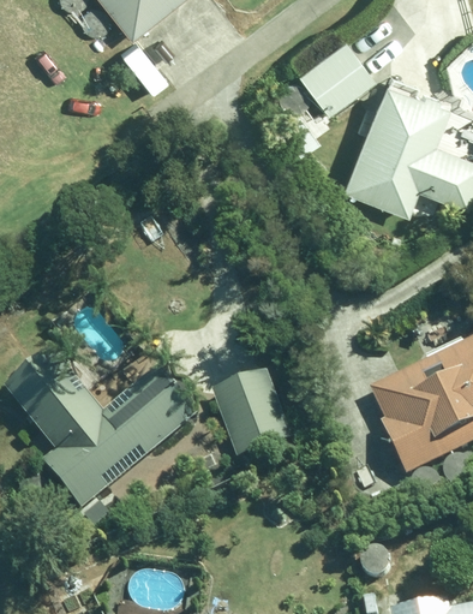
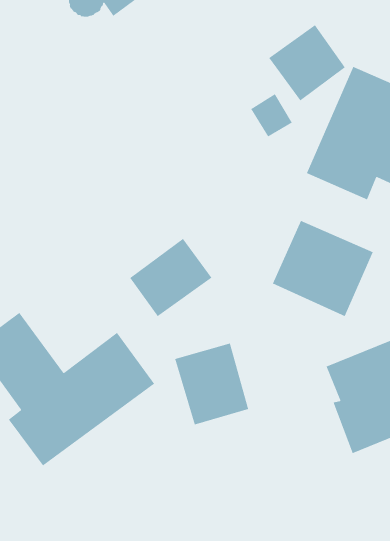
building: none -> [272,220,374,317]
building: none -> [129,238,212,317]

